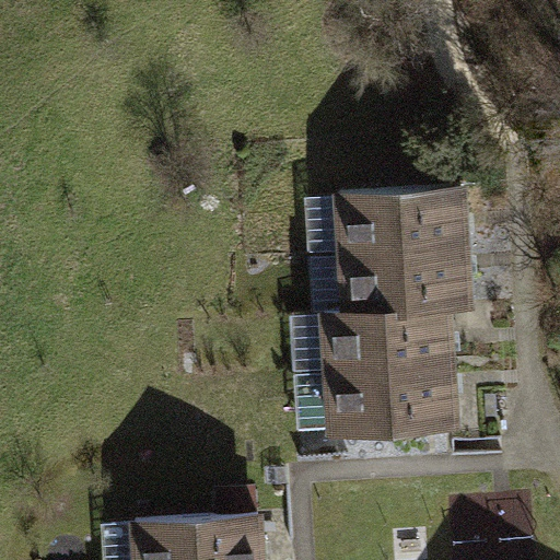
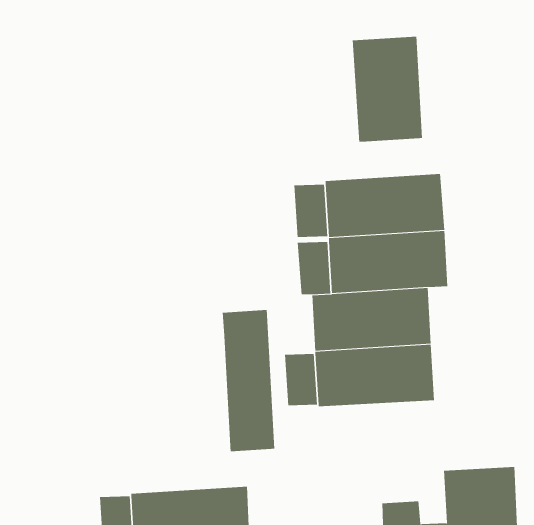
building: none -> [352,36,422,143]
building: none -> [222,309,275,452]

